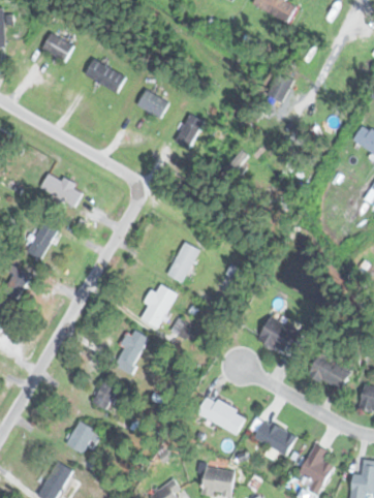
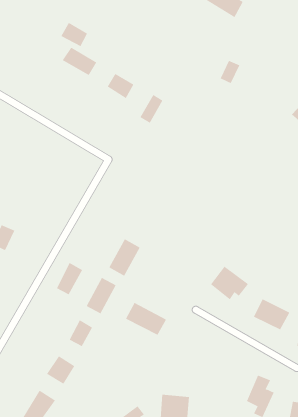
building: [41,32,73,61] -> [60,22,88,47]
building: [38,172,81,206] -> none
building: [26,221,57,260] -> none
building: [166,242,199,282] -> none
building: none -> [56,262,83,295]
building: [197,395,246,434] -> [125,302,167,335]
building: [252,417,295,457] -> none

